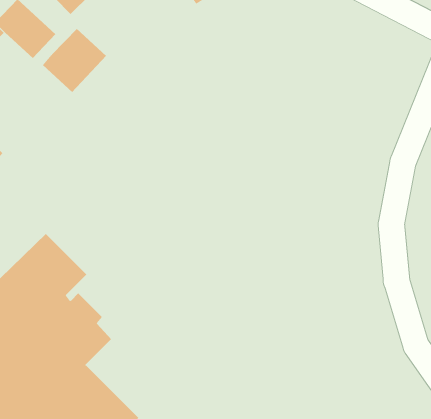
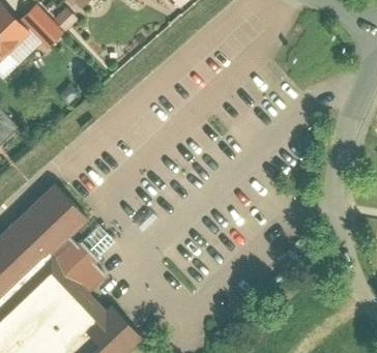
building: [42,28,107,93] -> none

